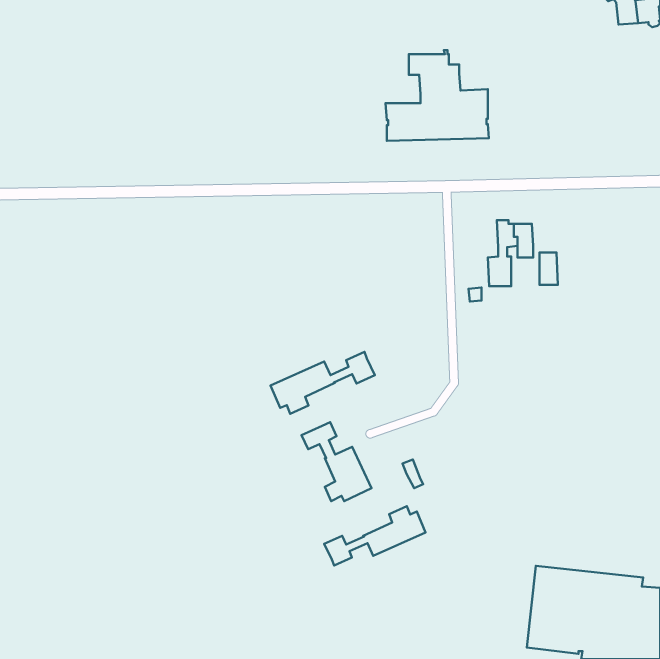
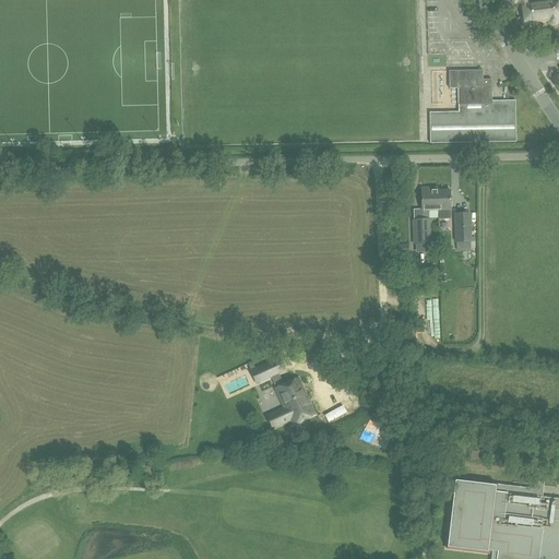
building: [385,50,489,141] -> [428,66,515,142]
building: [271,352,375,414] -> none
building: [324,506,426,565] -> none

